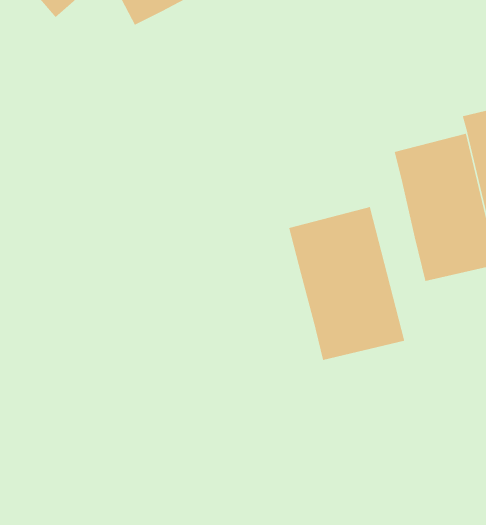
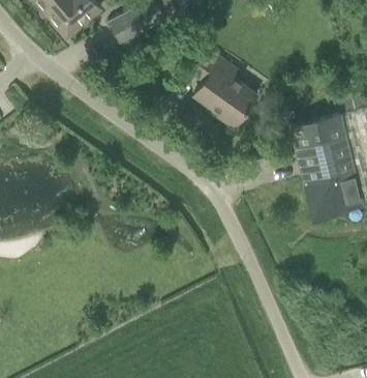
building: none -> [188,48,256,127]
building: [288,206,405,361] -> none

